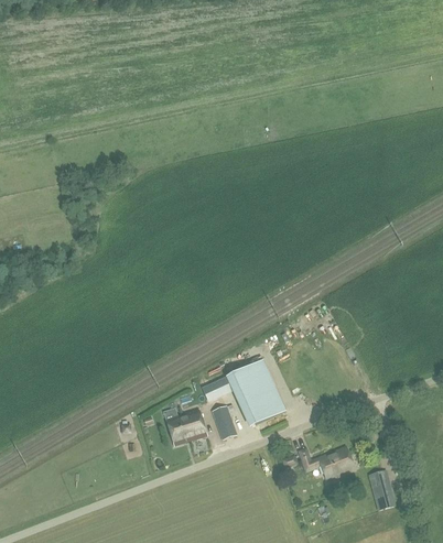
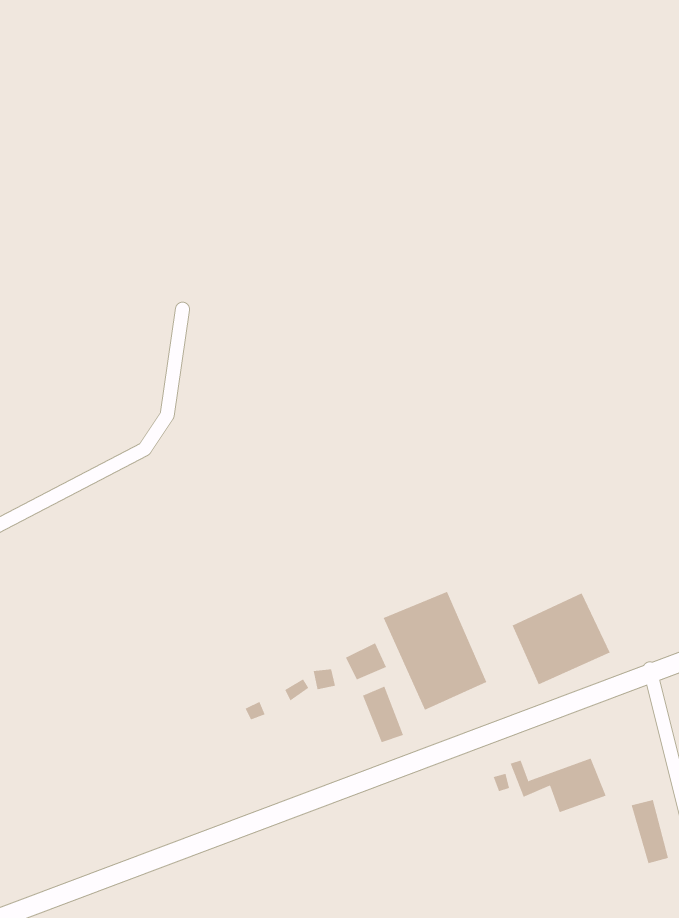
building: none -> [512,593,611,685]
building: [165,410,206,444] -> none

